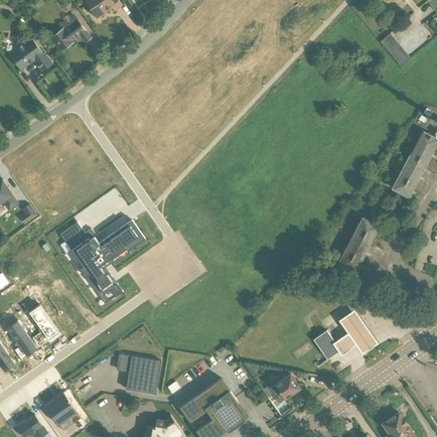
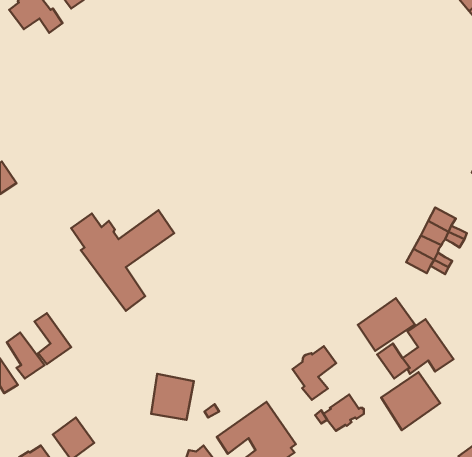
building: none -> [358,298,415,351]
building: none -> [292,346,336,400]
building: none -> [381,372,440,430]

